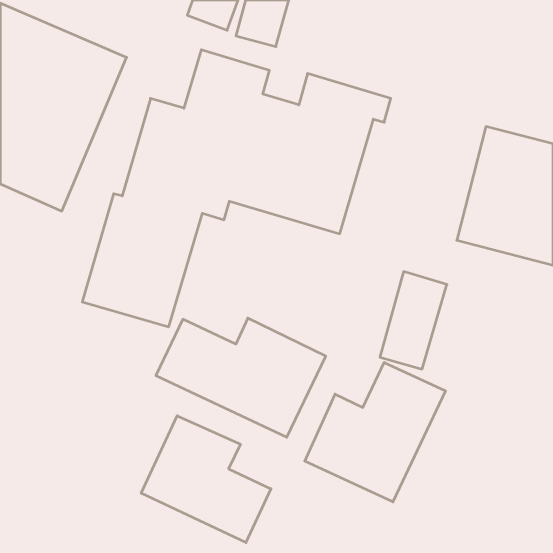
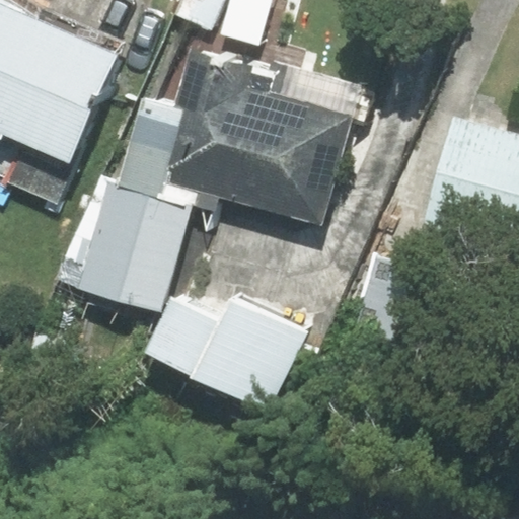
building: [305,362,445,502] -> none
building: [141,416,271,543] -> none

